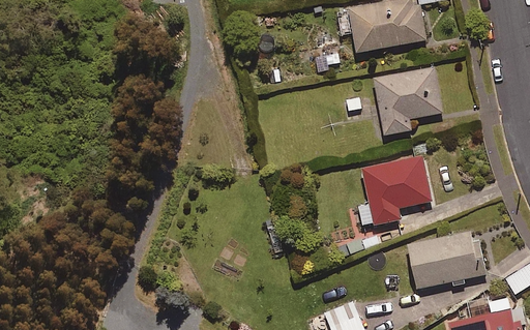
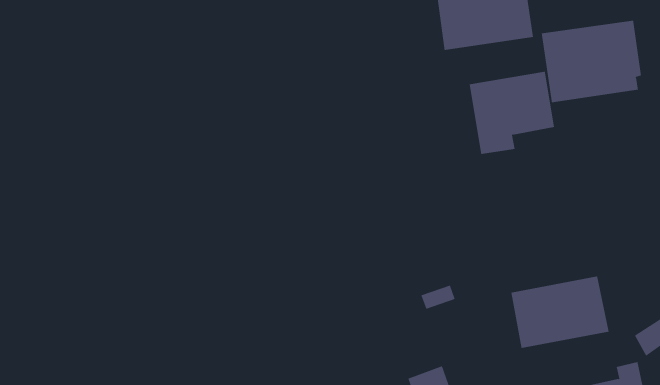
building: none -> [541,20,642,103]
building: [357,156,432,228] -> none

